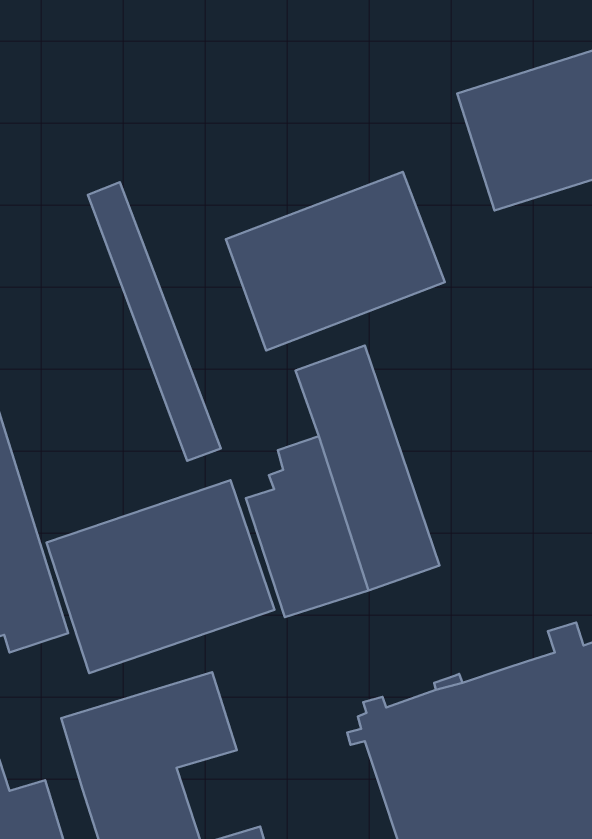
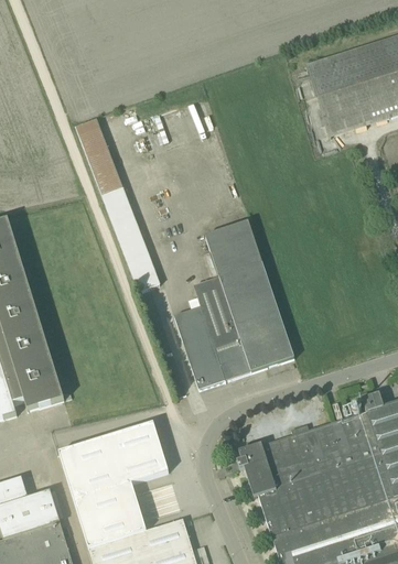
building: [226,172,445,351] -> none
building: [46,480,274,673] -> none

